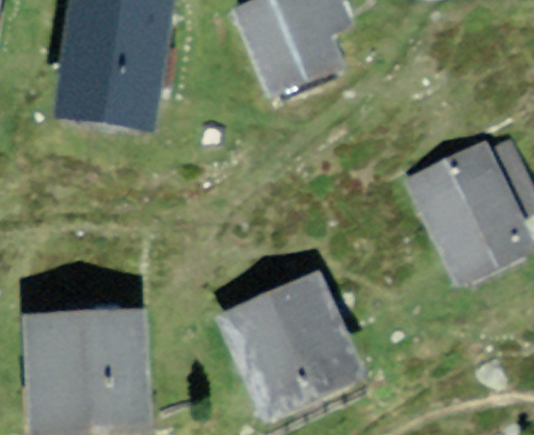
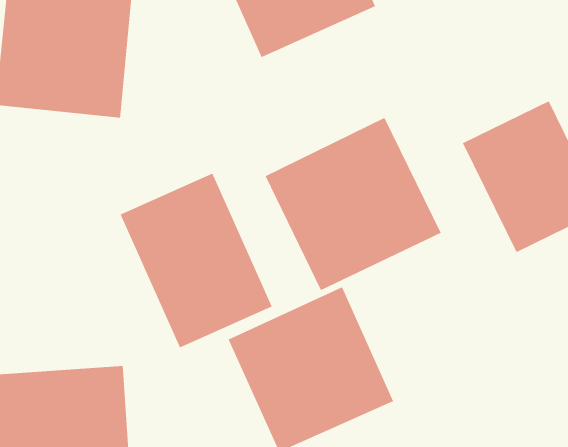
building: none -> [264,117,442,291]
building: none -> [120,173,273,349]

